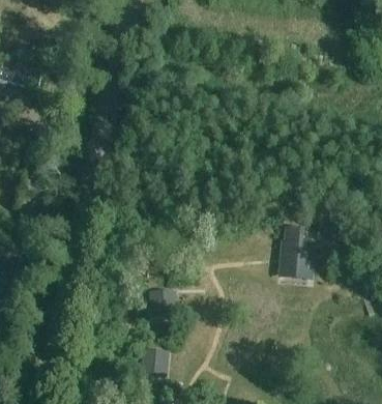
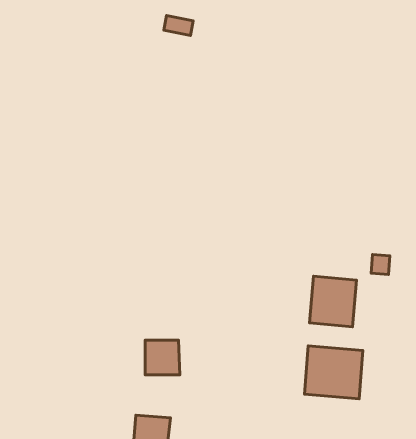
building: none -> [304,346,363,399]

